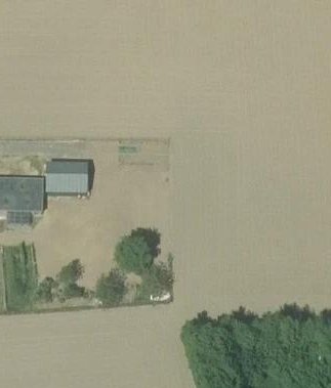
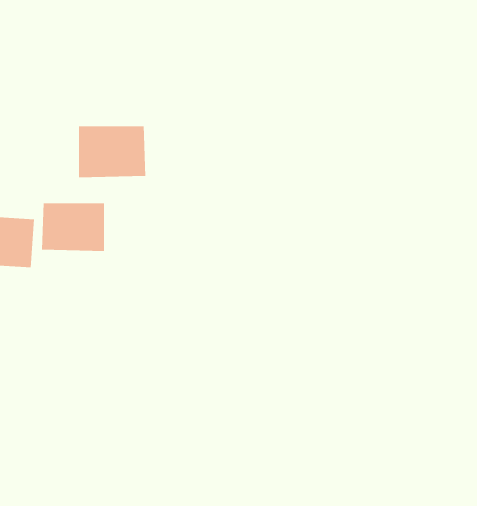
building: none -> [79,125,146,178]

